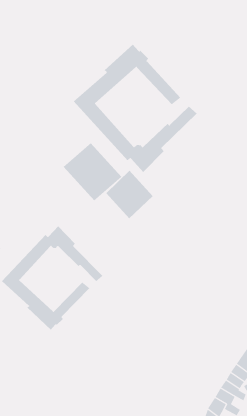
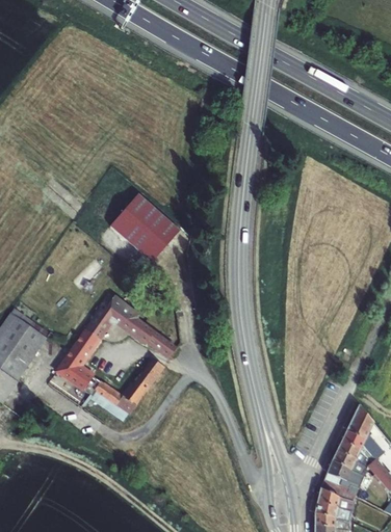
building: [73,44,198,173] -> none
building: [105,170,153,219] -> none

